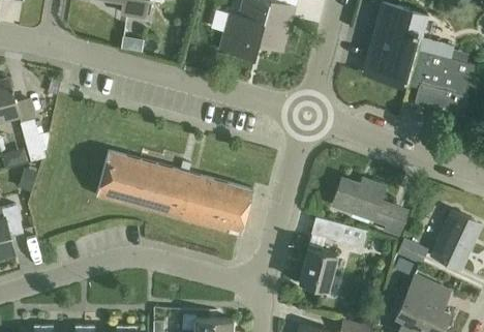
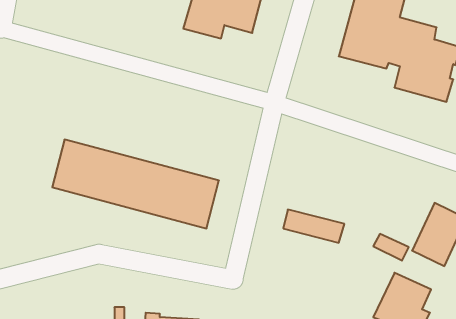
building: [333,179,409,235] -> none
building: [299,243,339,290] -> none

